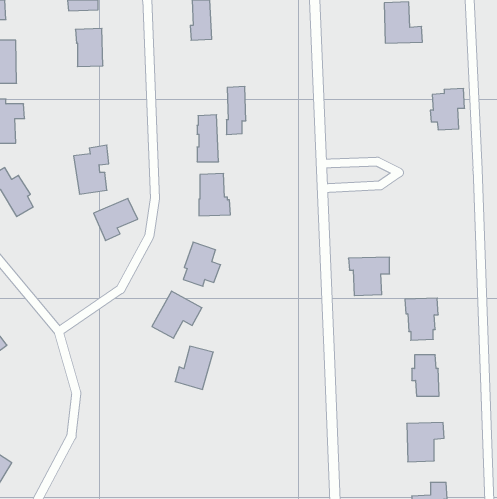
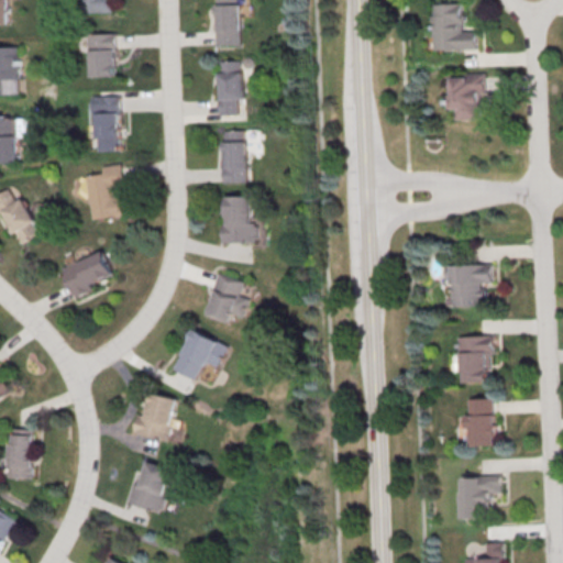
building: none -> [89,97,119,152]
building: [226,87,246,135] -> [218,62,240,115]
building: [430,89,465,130] -> [445,73,484,119]
building: [94,198,138,241] -> [62,252,111,299]
building: [348,257,390,296] -> [443,265,489,308]
building: [175,346,213,389] -> [132,393,175,441]
building: none -> [5,430,31,478]
building: none -> [124,462,170,515]

